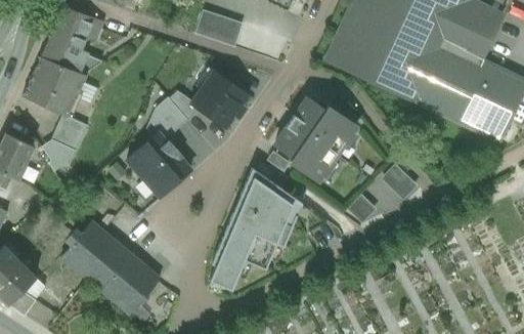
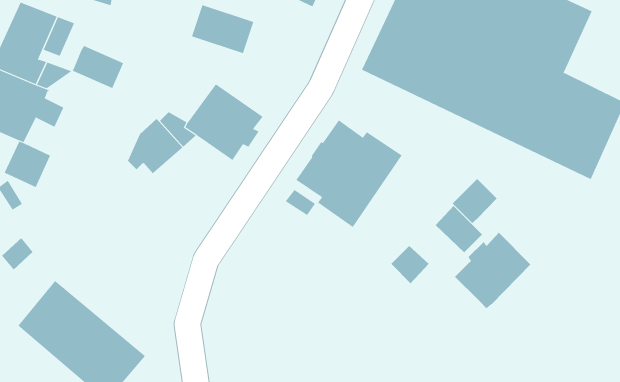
building: none -> [72,45,124,89]
building: [126,131,191,197] -> none
building: none -> [452,178,498,224]
building: [209,168,297,289] -> none
building: none -> [454,232,531,309]

